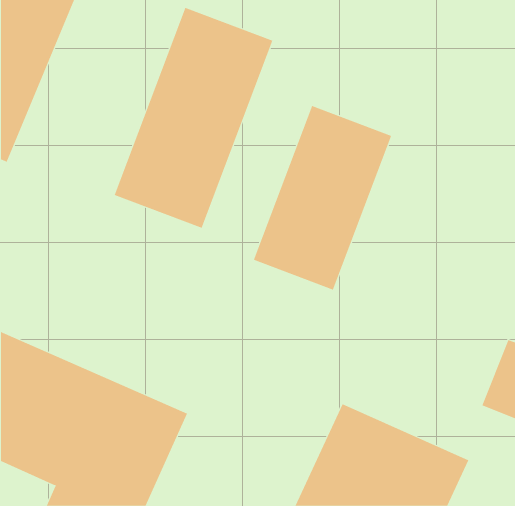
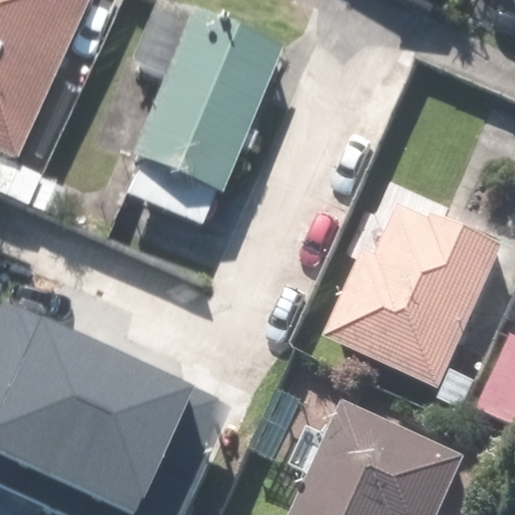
building: [253,105,392,290] -> none
building: none -> [324,191,506,388]

